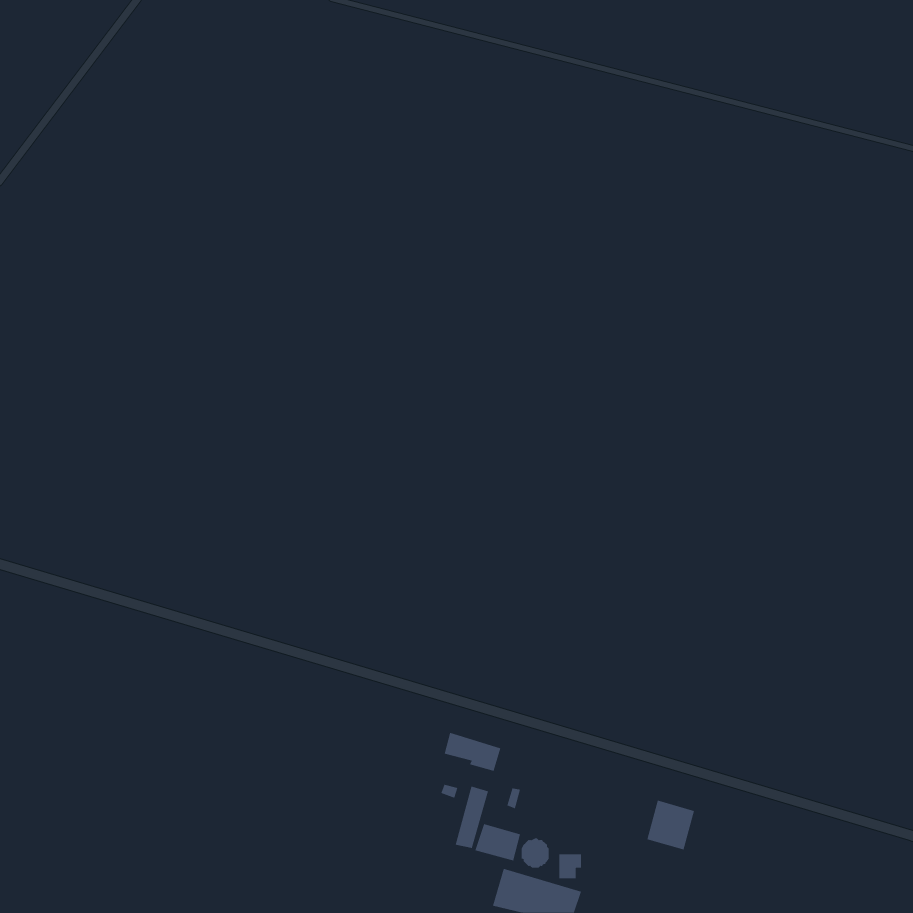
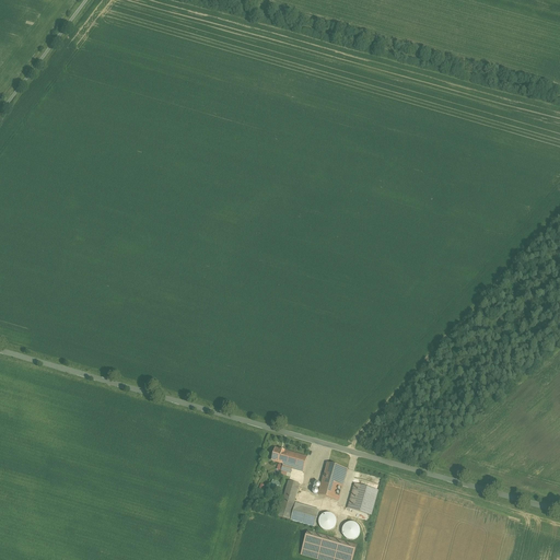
building: none -> [318,463,342,499]
building: [646,800,695,850] -> [348,483,377,514]

